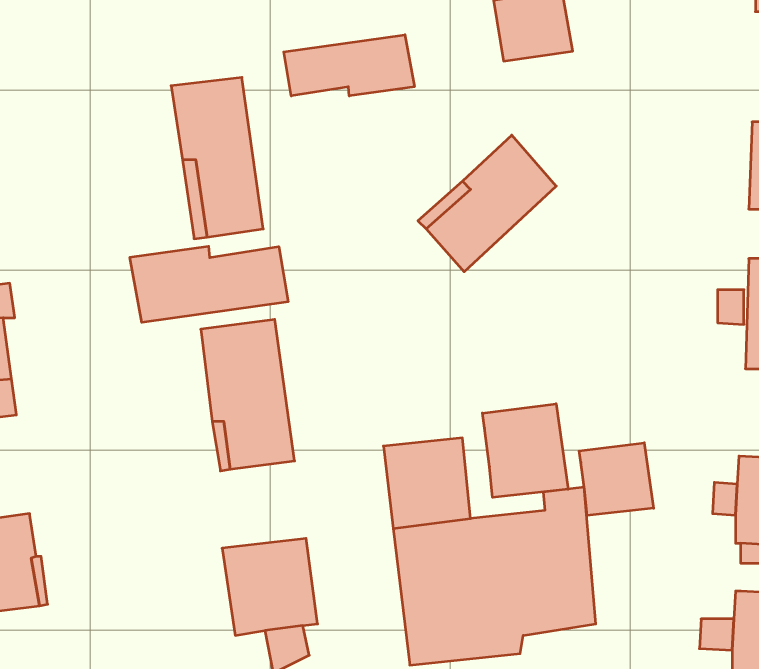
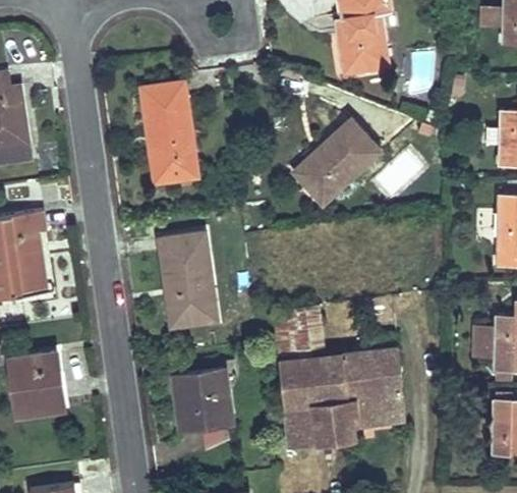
building: [284,35,414,96] -> none
building: [130,246,288,322] -> none
building: [482,404,568,497] -> none
building: [579,443,654,516] -> none

